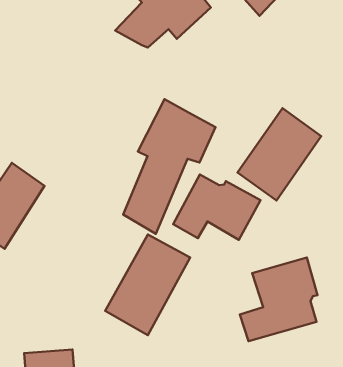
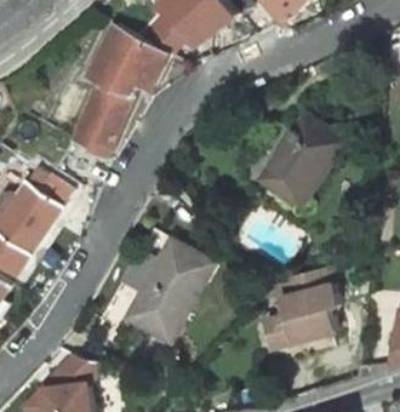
building: [123,99,215,234] -> [72,22,164,156]
building: [173,175,261,240] -> none

